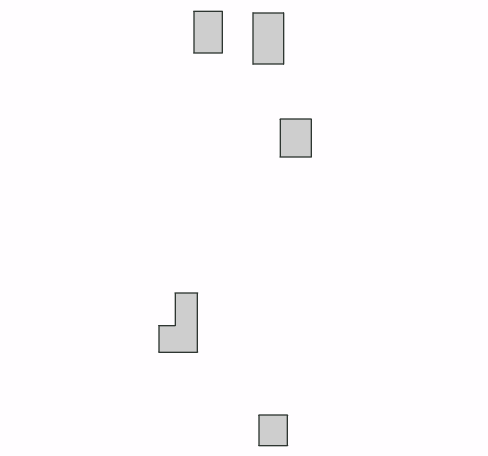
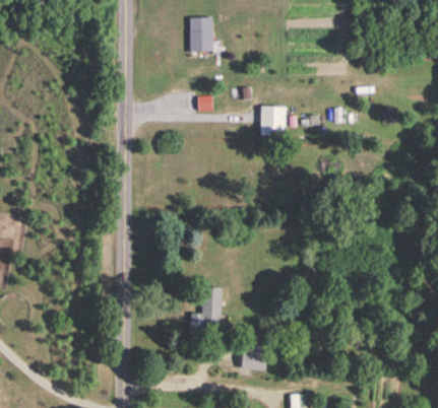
building: [253,13,283,64] -> none
building: [159,293,198,352] -> [190,286,222,334]

